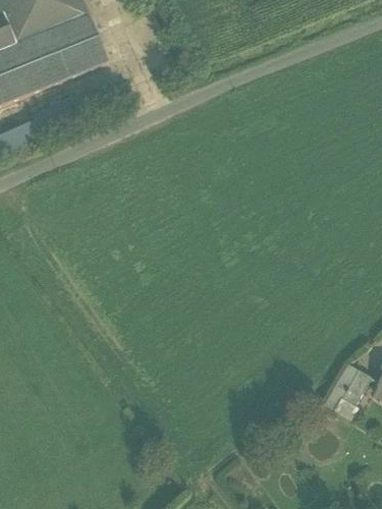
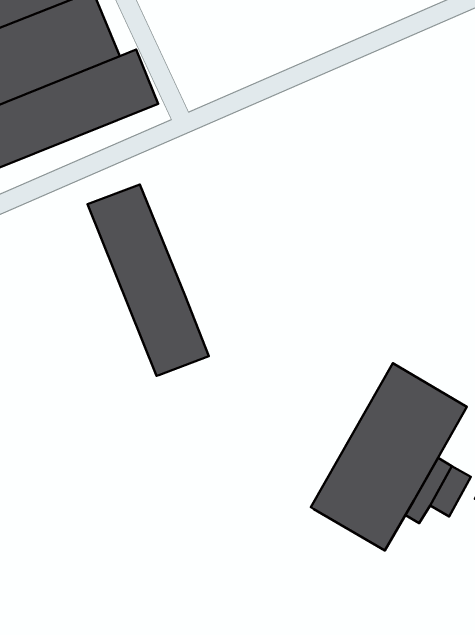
building: none -> [88,184,209,376]
building: none -> [311,363,467,551]

